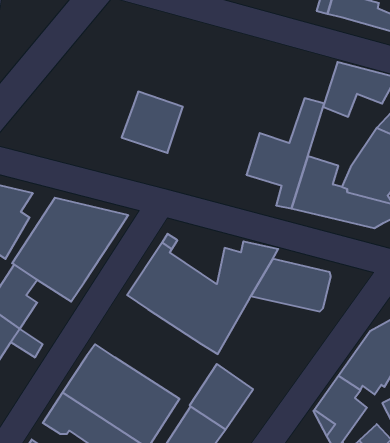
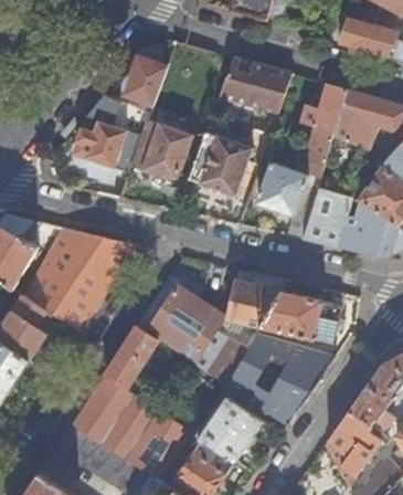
building: none -> [125,56,167,105]
building: none -> [220,57,291,113]
building: none -> [300,84,349,133]
building: none -> [74,94,150,173]
building: none -> [190,130,254,197]
building: none -> [105,326,158,389]
building: none -> [229,331,336,424]

